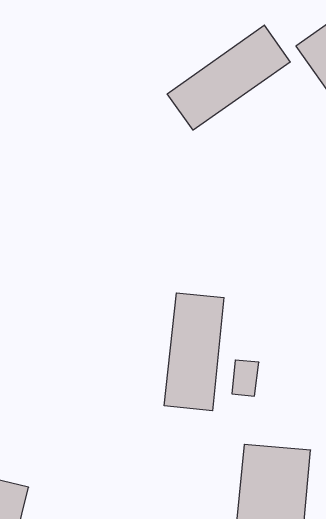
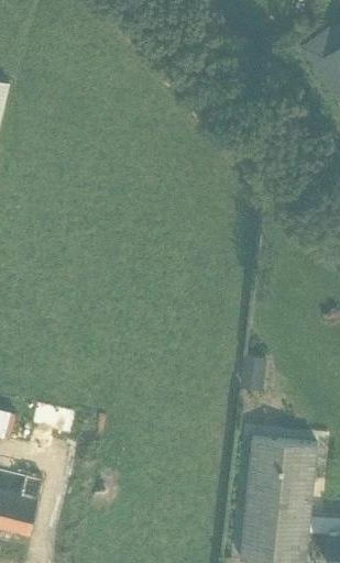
building: [167,25,290,130] -> none
building: [164,293,224,411] -> none

